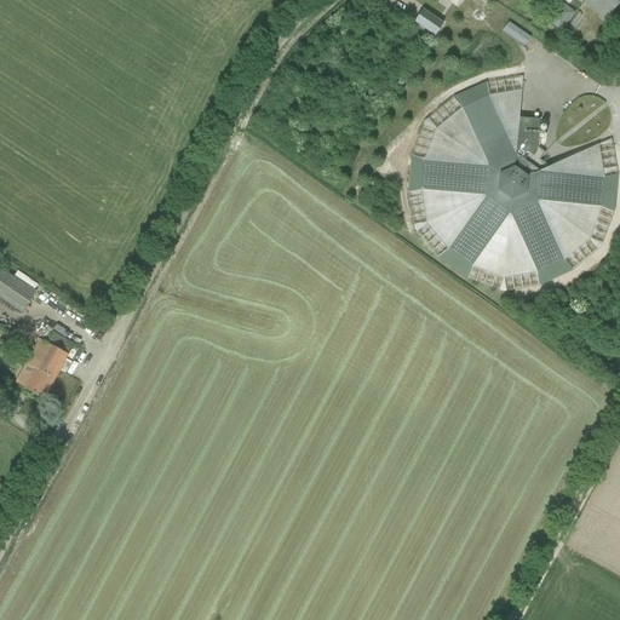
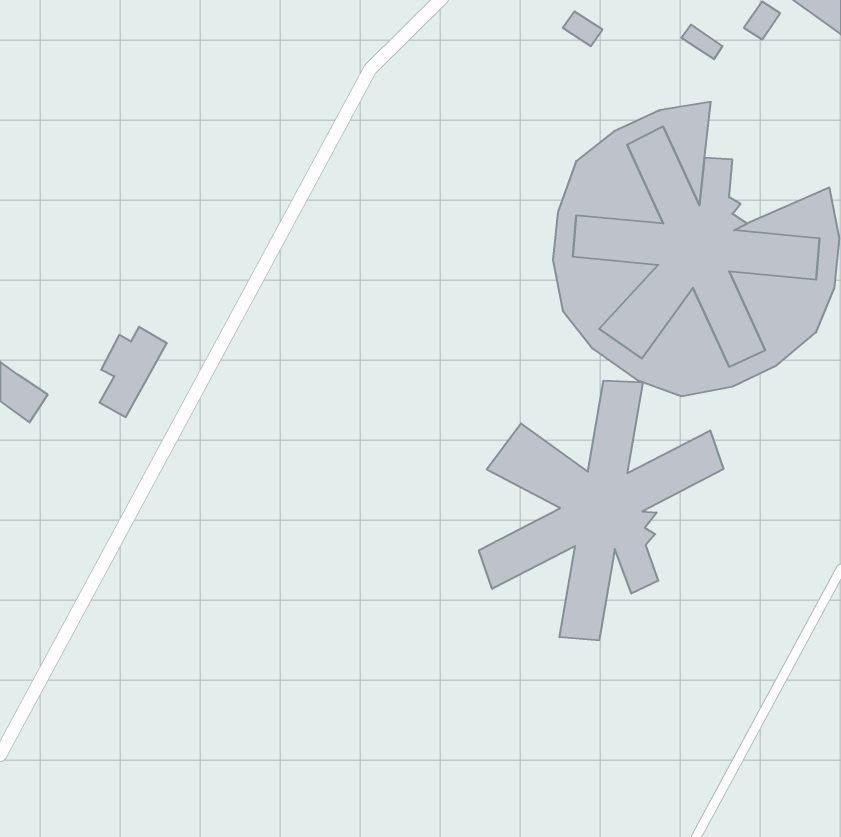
building: none -> [479,381,723,640]
building: [24,331,74,397] -> [99,327,167,417]

